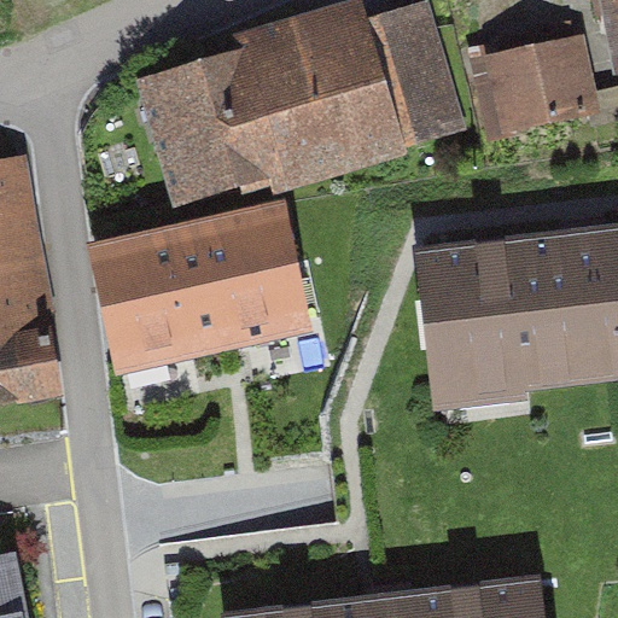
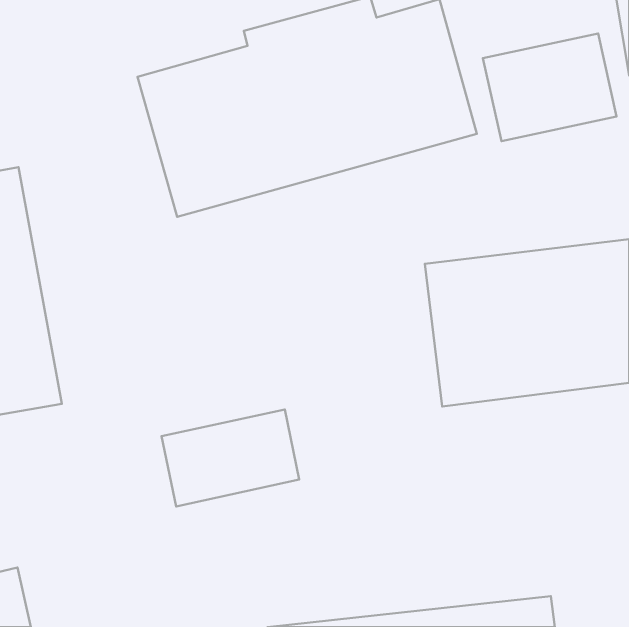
building: [92,198,322,380] -> none
building: none -> [162,409,299,507]

